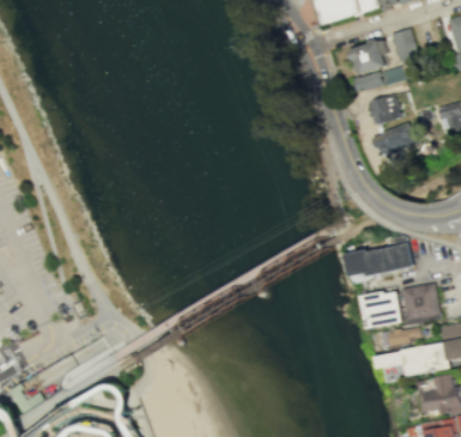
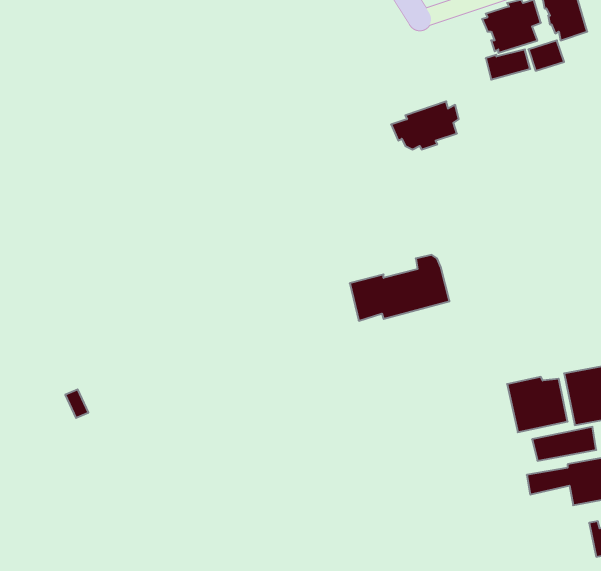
building: [366,92,399,125] -> none
building: [370,121,415,153] -> [391,101,459,149]
building: [348,235,415,279] -> [350,255,450,321]

